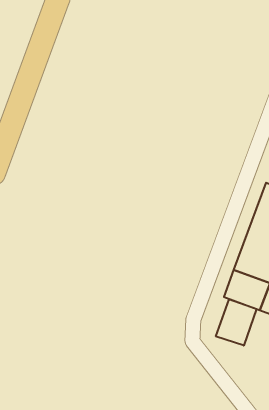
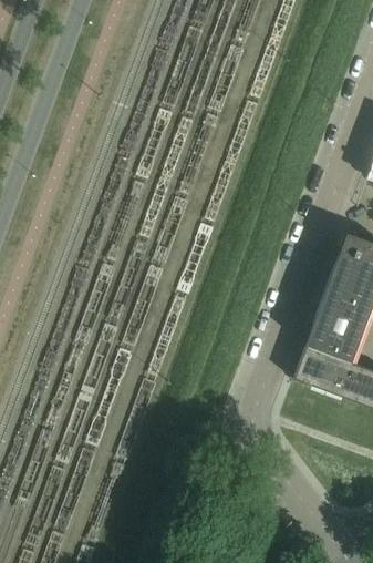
building: [216,299,257,346] -> none

